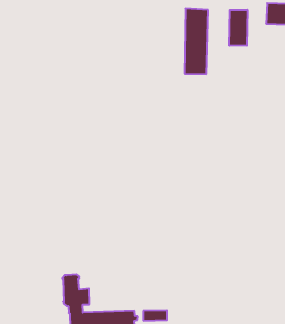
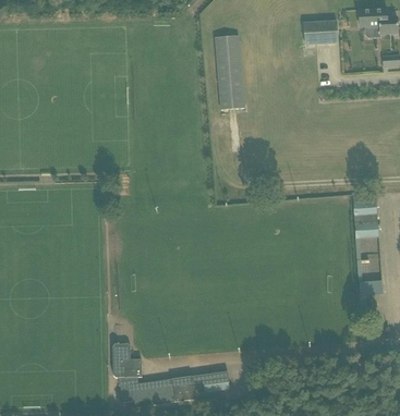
building: [229,10,247,46] -> none

